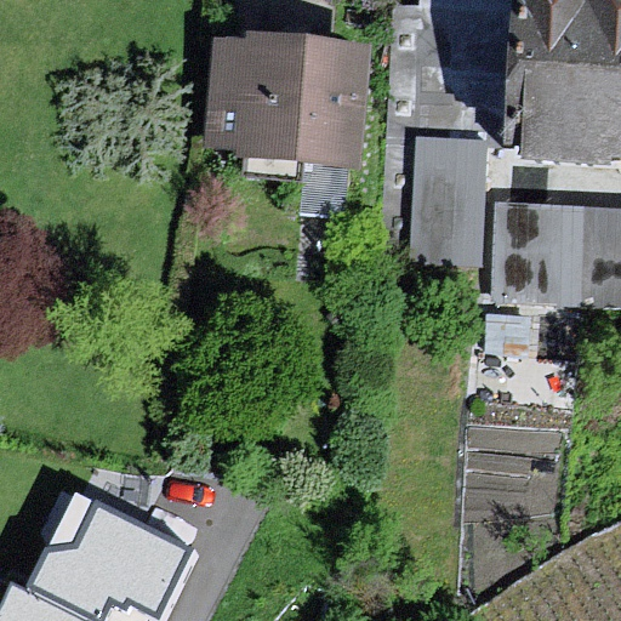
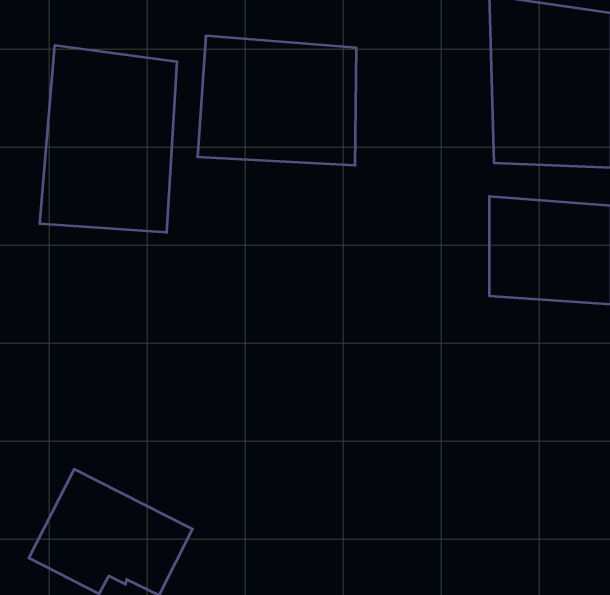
building: none -> [40,45,177,233]
building: [415,113,495,240] -> none

